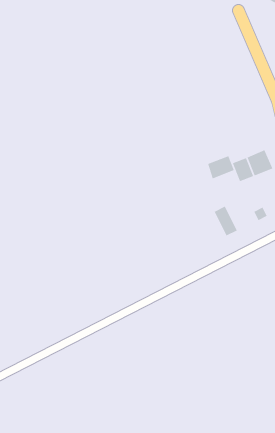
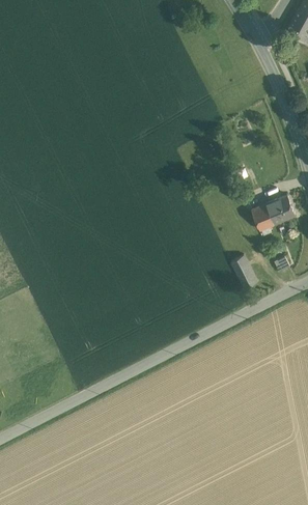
building: [207,155,235,179] -> none

